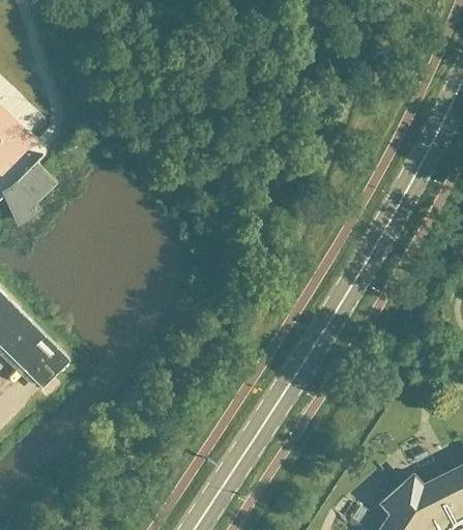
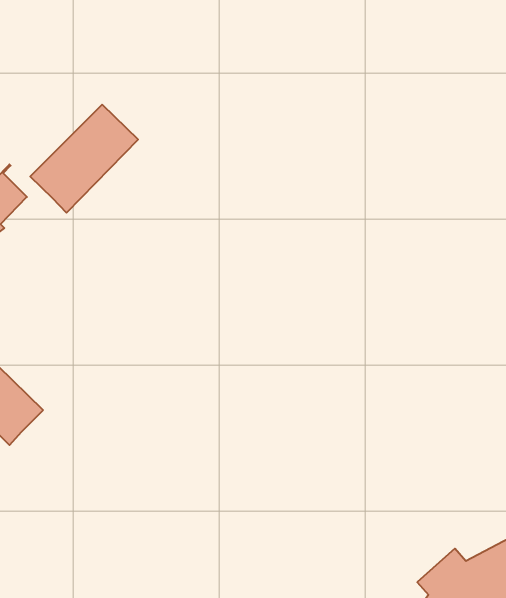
building: none -> [30,105,138,213]

